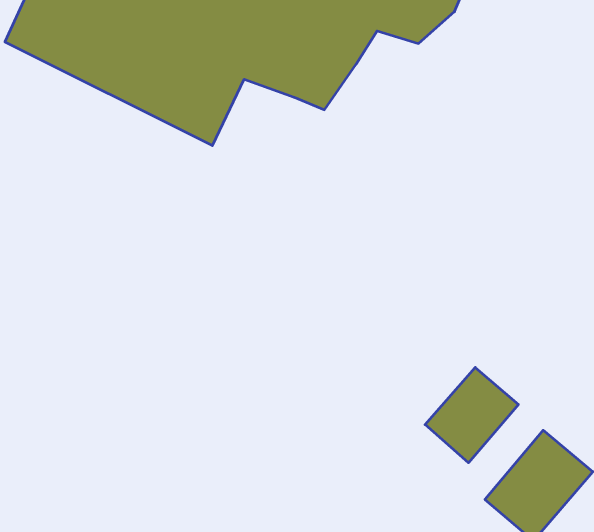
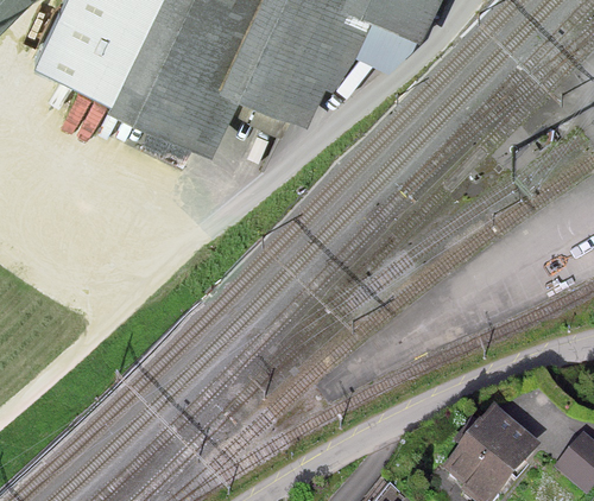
building: [425,367,518,463] -> none

